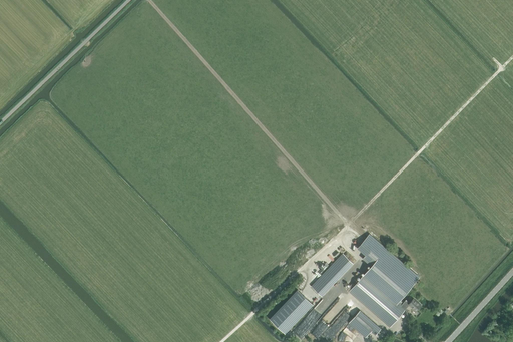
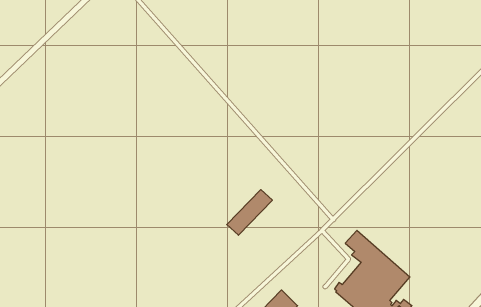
building: [311,254,354,297] -> [227,190,272,235]

